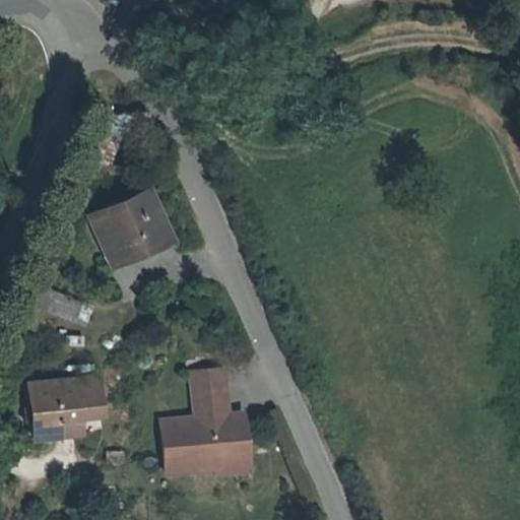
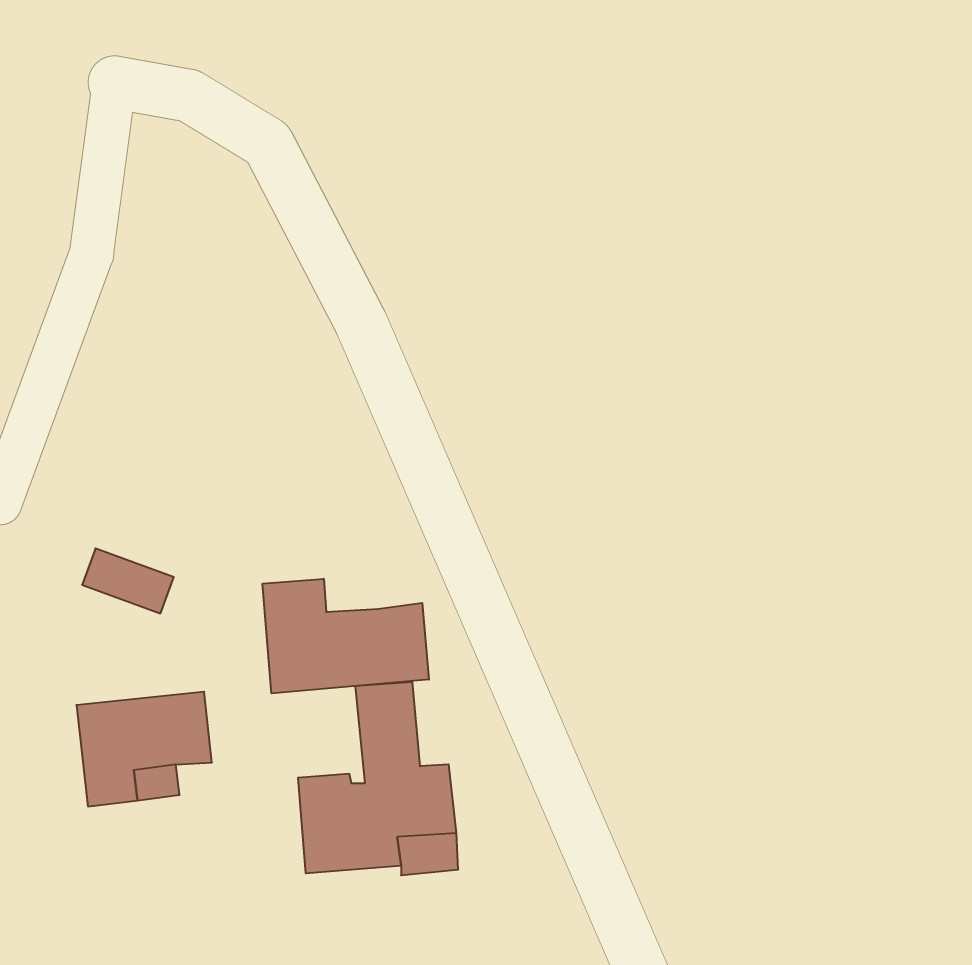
building: [92,196,169,265] -> none
building: none -> [263,579,429,693]

